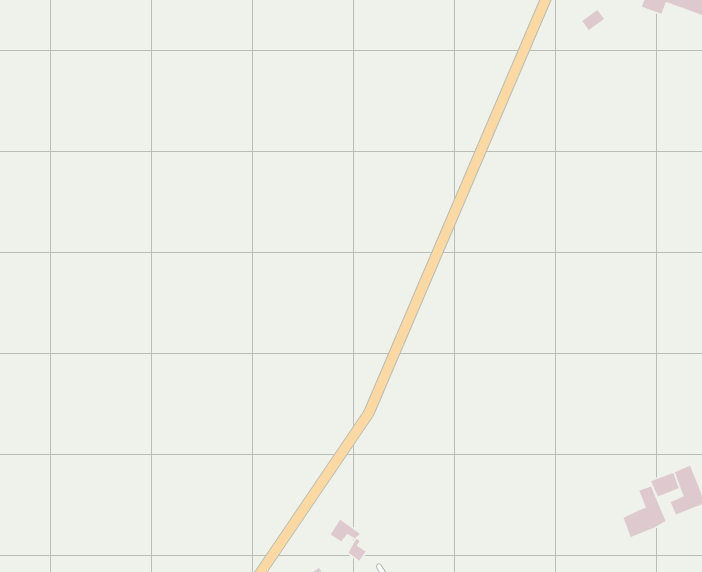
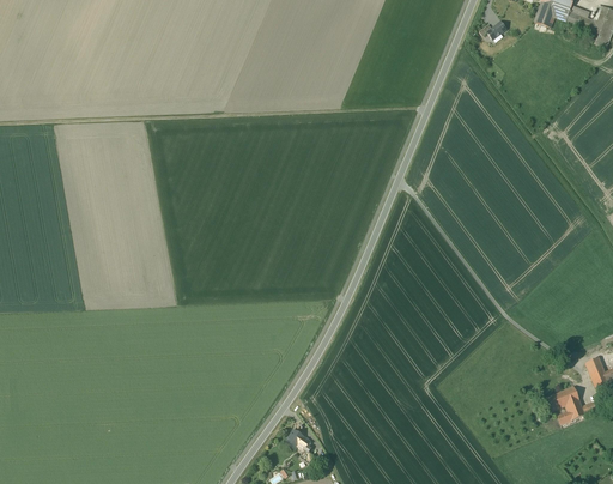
building: [622,485,667,538] -> none

